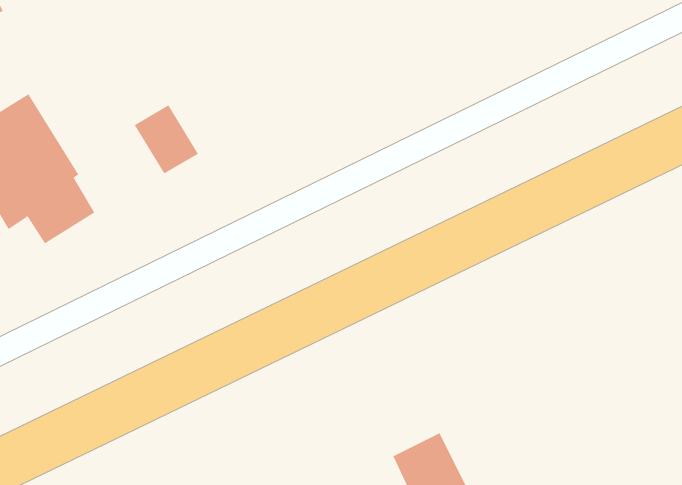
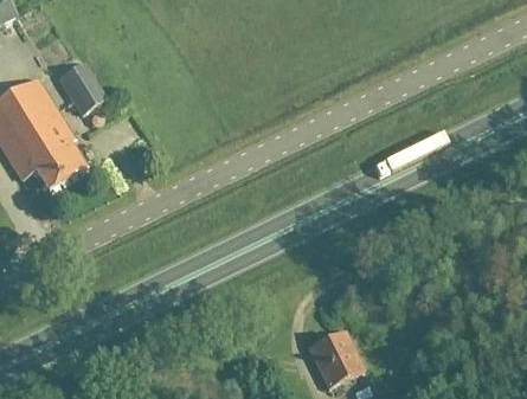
building: [134,105,199,174] -> [58,62,107,114]

